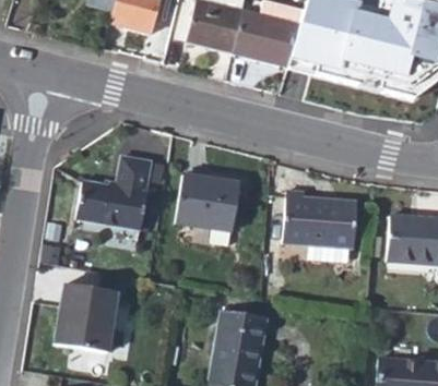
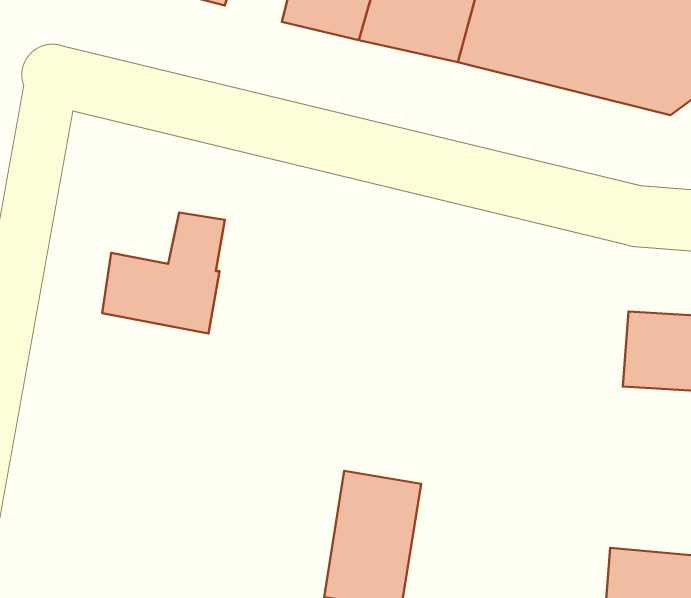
building: [176,174,239,230] -> none
building: [281,190,356,261] -> none
building: [55,284,118,352] -> none

